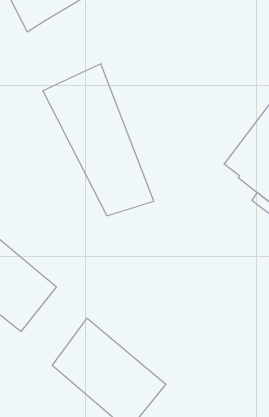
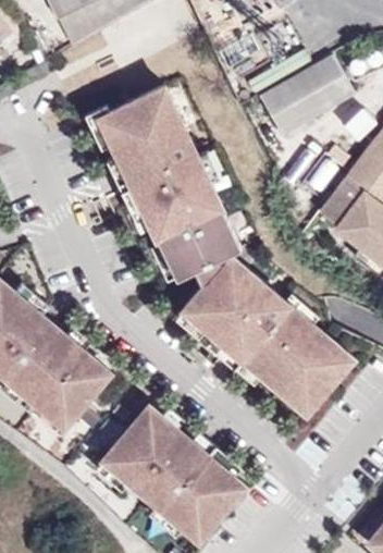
building: none -> [259,54,355,136]
building: none -> [180,259,356,417]

